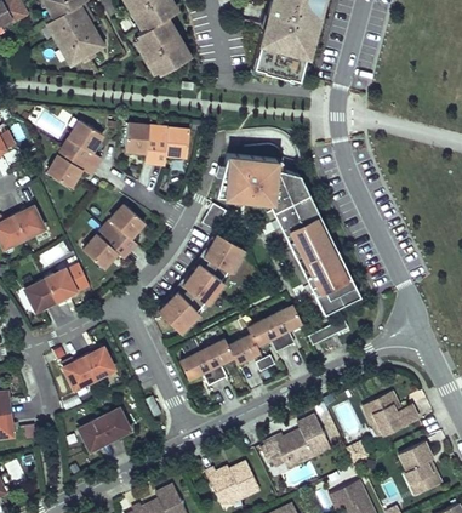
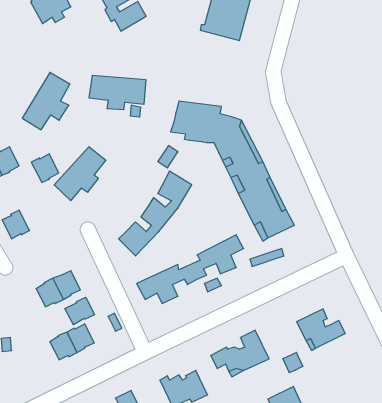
building: [45,268,76,301] -> [31,154,59,182]
building: none -> [65,297,94,325]
building: [399,440,441,492] -> none

